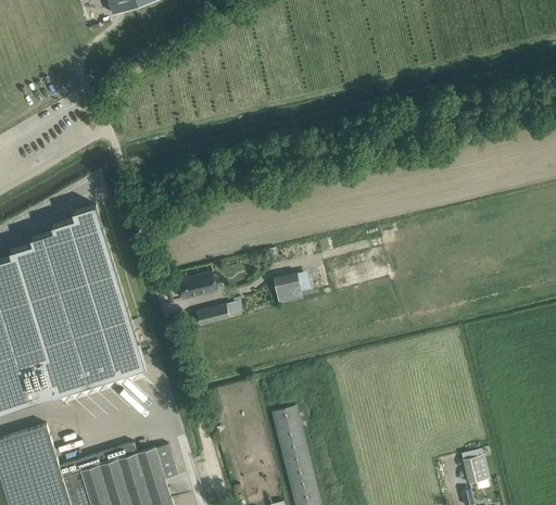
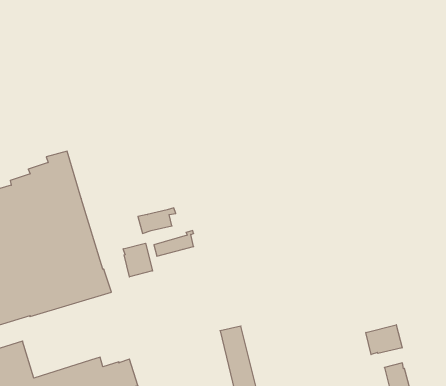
building: [271,275,302,305] -> none
building: none -> [123,243,153,277]
building: none -> [366,325,402,355]

